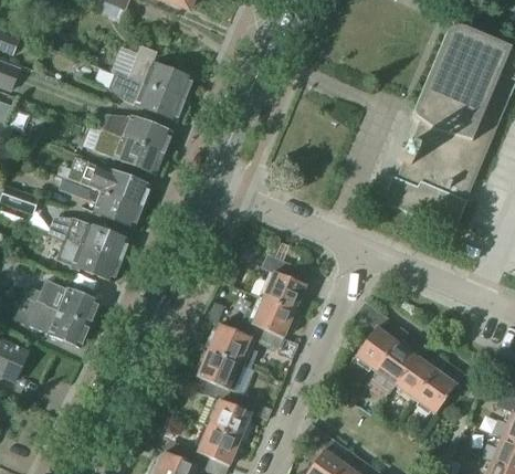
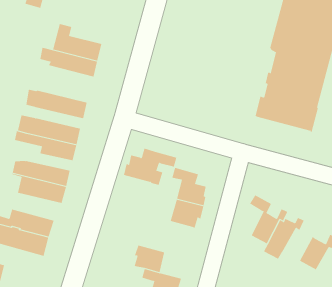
building: [98,113,171,152] -> none
building: [204,316,278,368] -> [123,148,177,185]
building: [393,355,448,398] -> none

